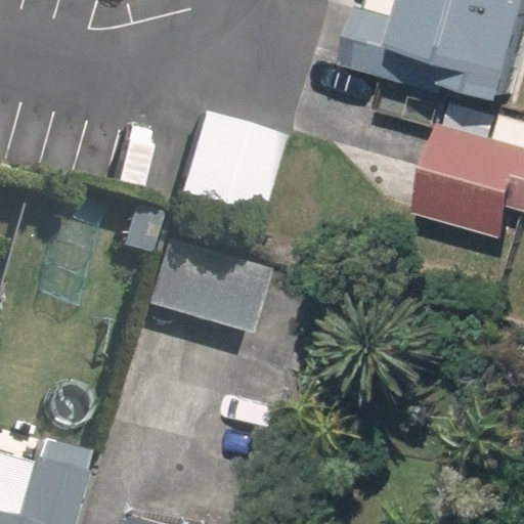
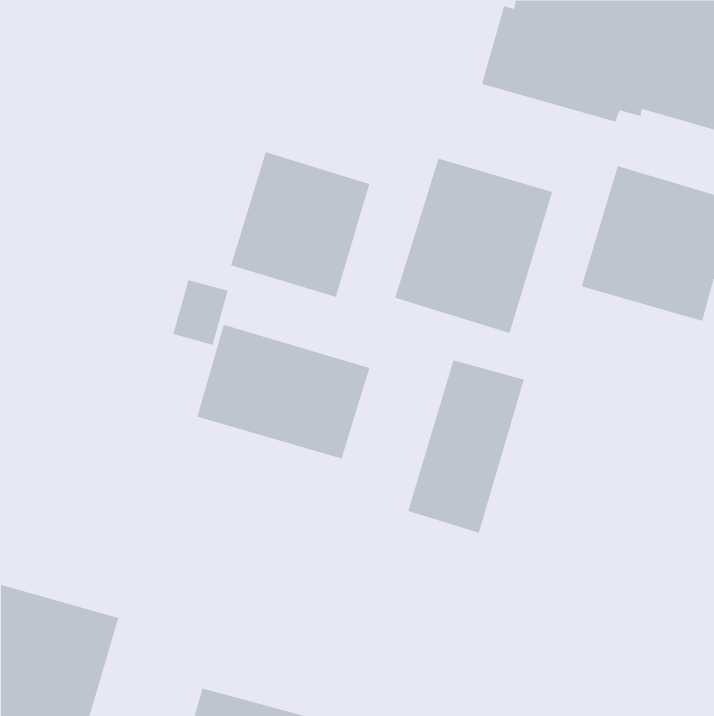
building: none -> [394,158,553,334]
building: none -> [407,359,525,533]

